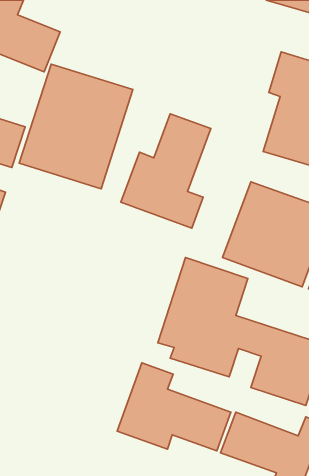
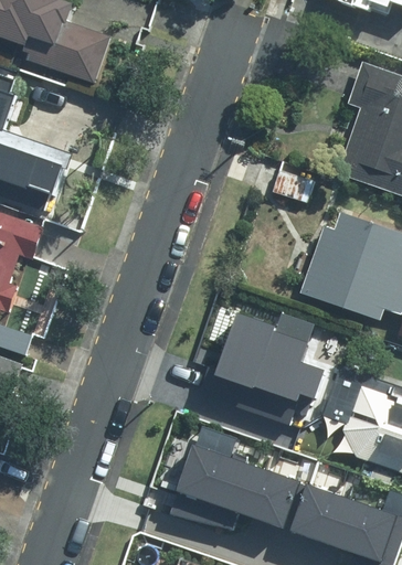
building: [19,64,133,189] -> none
building: [121,114,211,228] -> none

